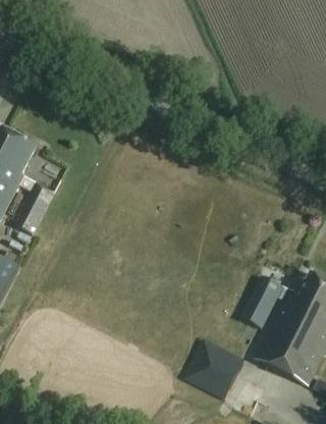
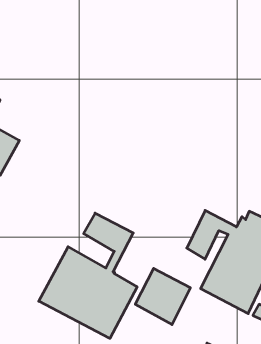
building: none -> [39,213,137,338]

